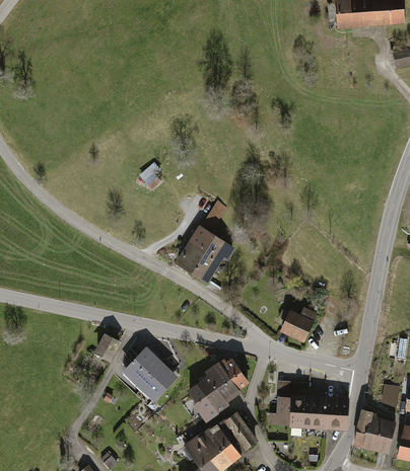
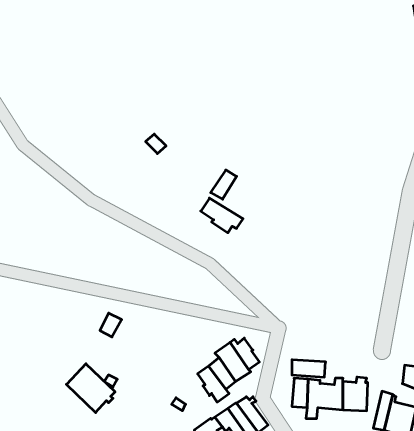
building: [179,240,218,280] -> none
building: [283,312,312,338] -> none
building: [127,348,173,394] -> [66,364,115,413]

